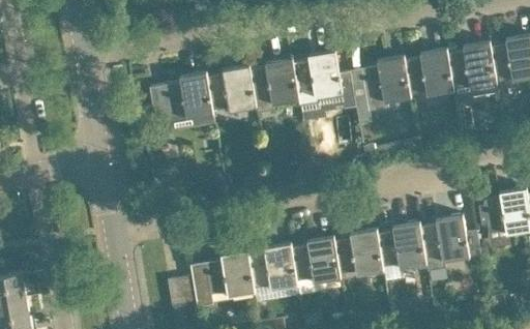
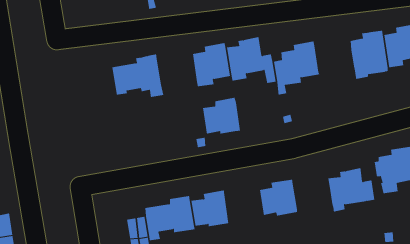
building: [405,49,453,95] -> none
building: [207,64,256,111] -> [202,97,241,134]
building: [378,221,426,268] -> none
building: [292,236,341,295] -> none

